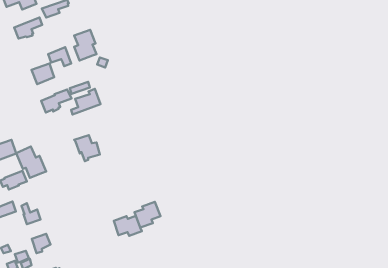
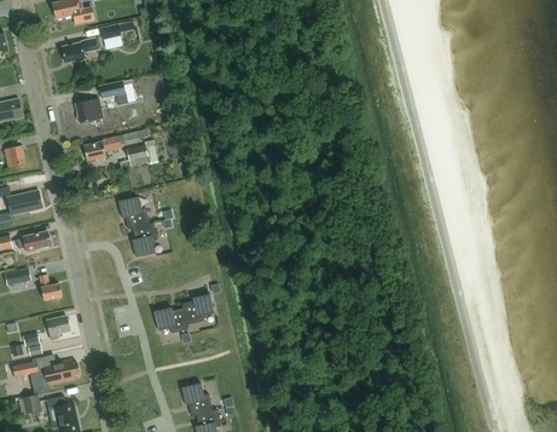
building: [74,30,96,60] -> none
building: [16,146,46,178] -> none
building: none -> [133,223,158,257]

